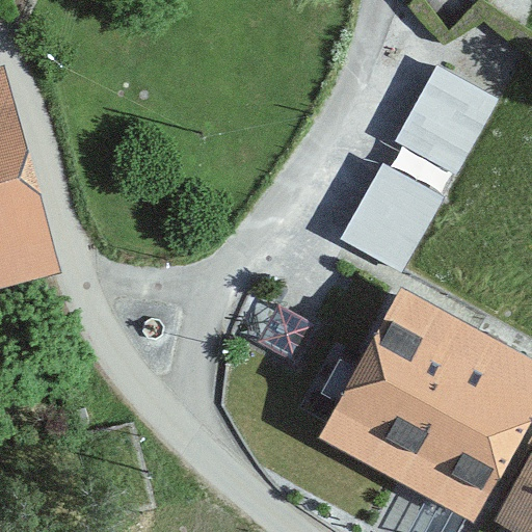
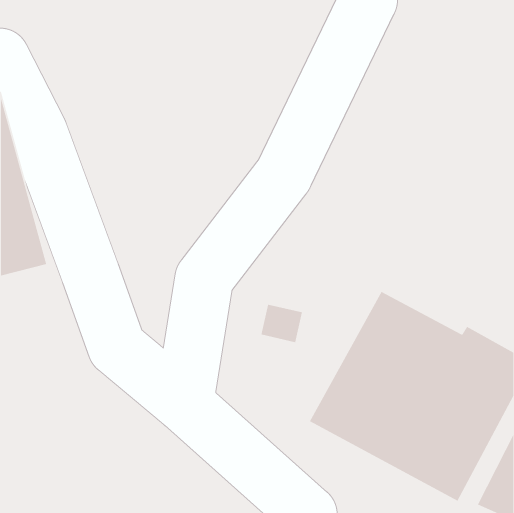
building: [397,54,506,169] -> none
building: [347,151,451,262] -> none

